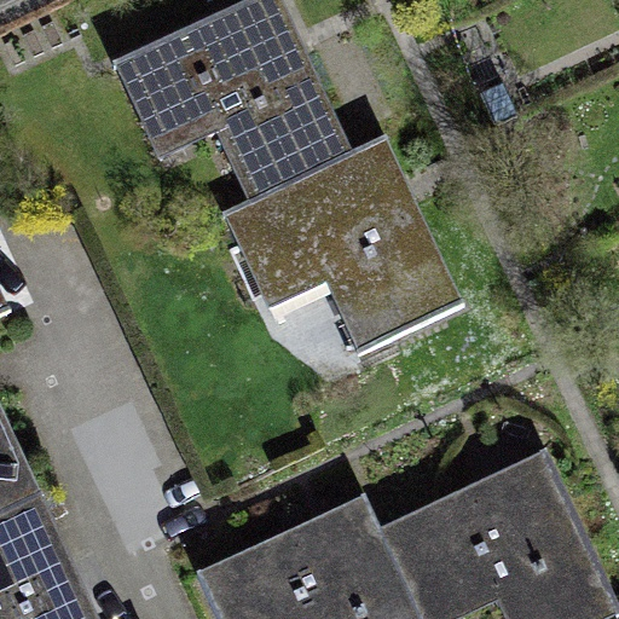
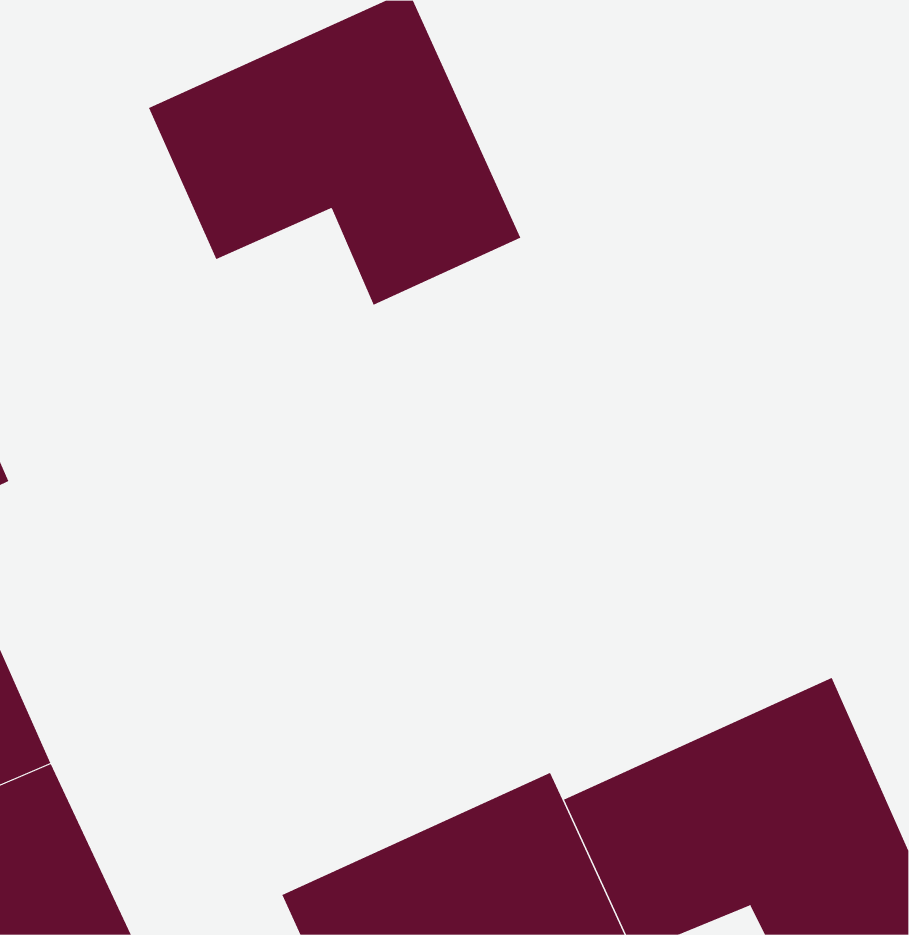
building: [213,139,459,346] -> none

